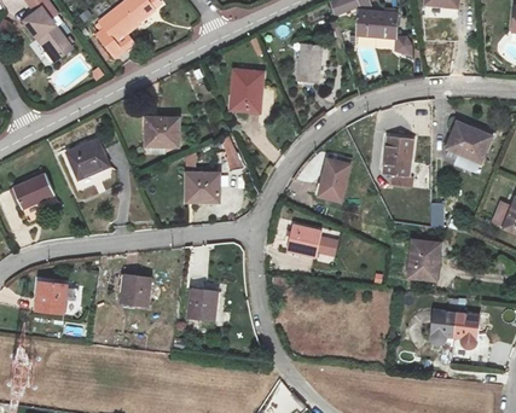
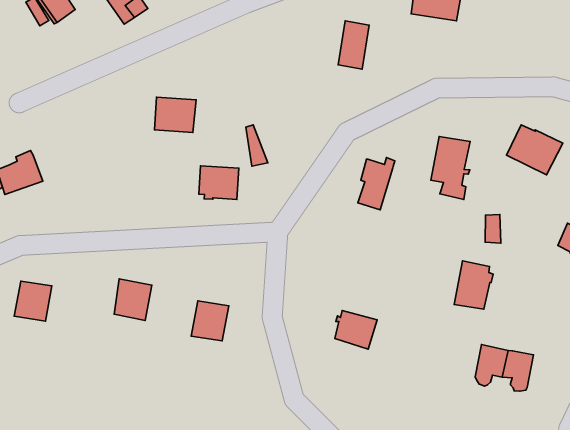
building: [231,69,262,111] -> none
building: [64,138,109,180] -> none
building: [286,225,321,256] -> [335,310,377,349]

